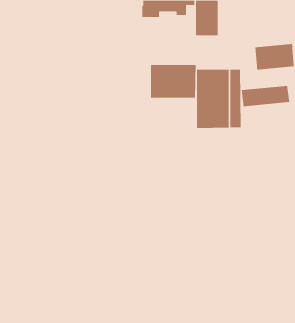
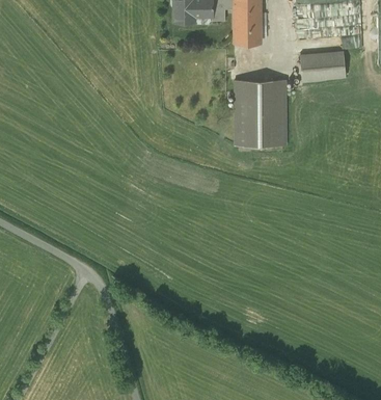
building: [150,64,196,99] -> none
building: [241,85,290,107] -> none

